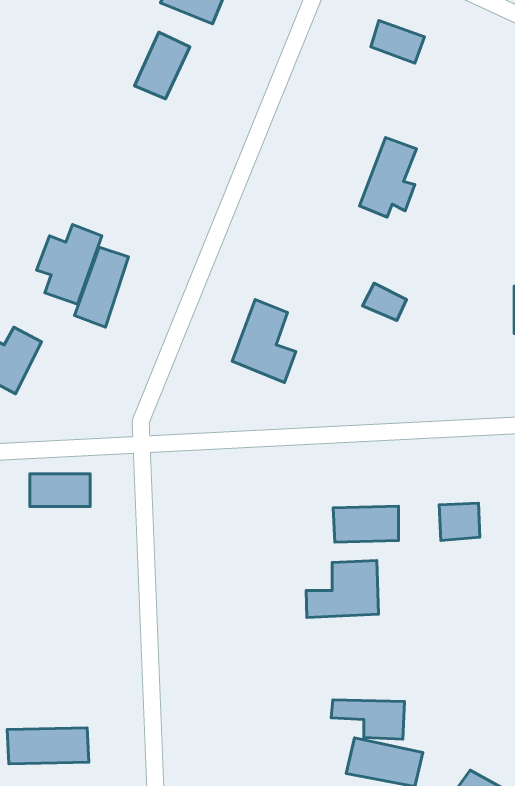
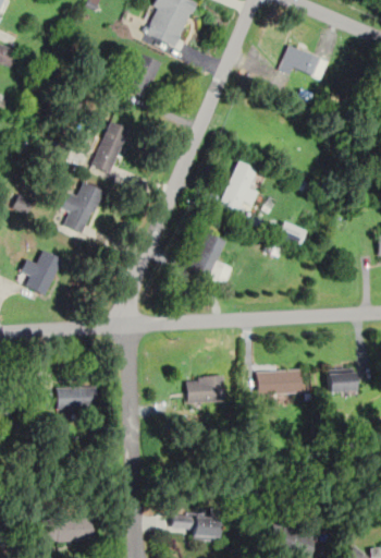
building: [360,137,417,217] -> [221,159,259,213]
building: [75,247,128,327] -> [93,120,128,173]
building: [30,474,90,506] -> [58,387,98,409]
building: none -> [187,376,223,401]
building: [306,560,378,617] -> none
building: [331,700,405,739] -> [172,514,221,541]

